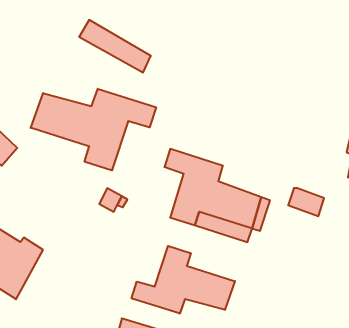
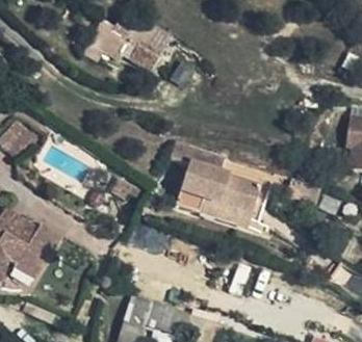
building: [31,89,156,170] -> none
building: [132,246,235,314] -> none

